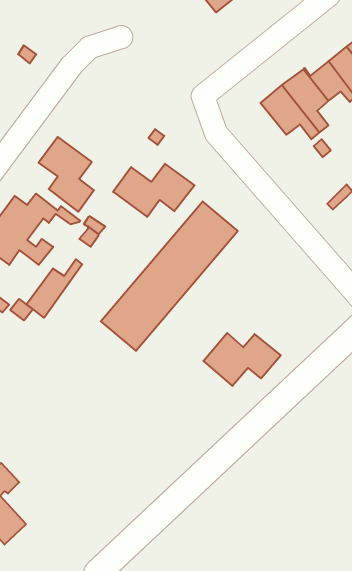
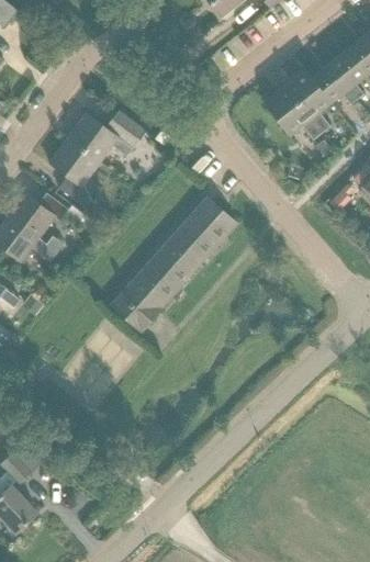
building: [113,164,195,217] -> [67,110,146,161]
building: [26,259,82,318] -> none
building: [203,333,281,386] -> none

